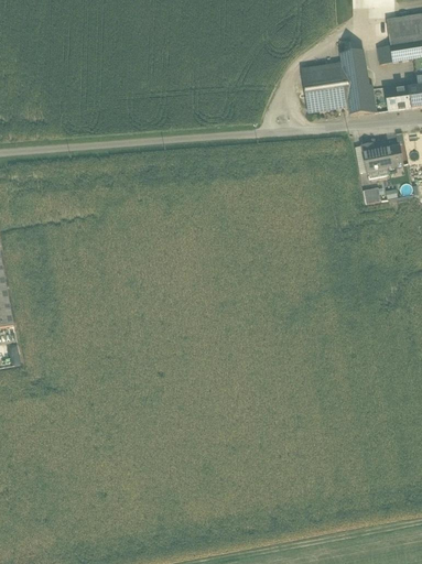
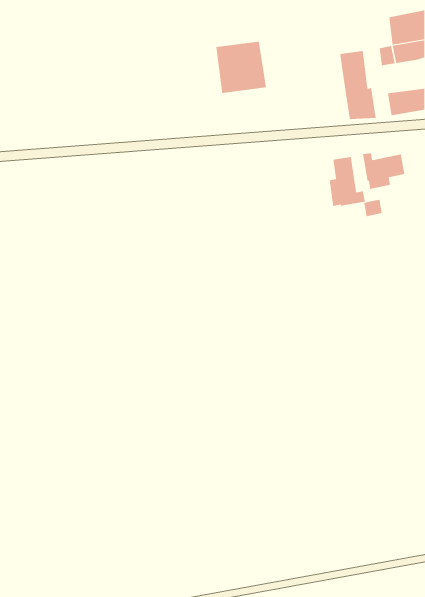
building: [302,62,349,110] -> [216,41,267,93]
building: none -> [329,156,366,207]

